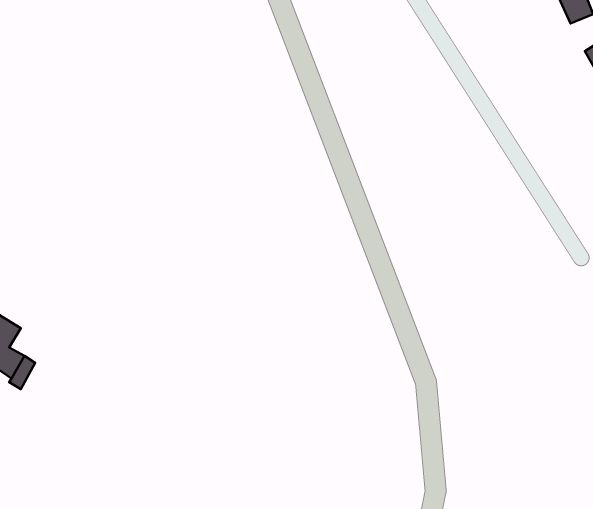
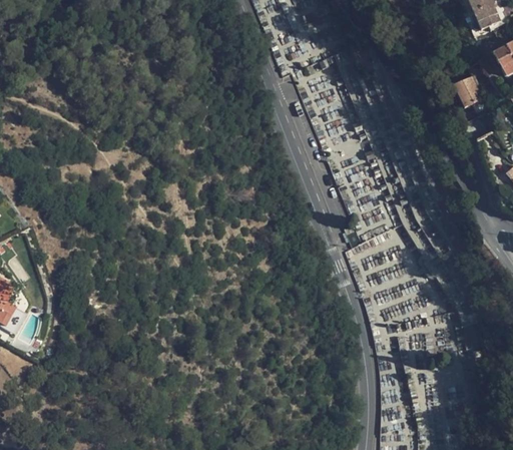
building: none -> [452,75,486,111]

